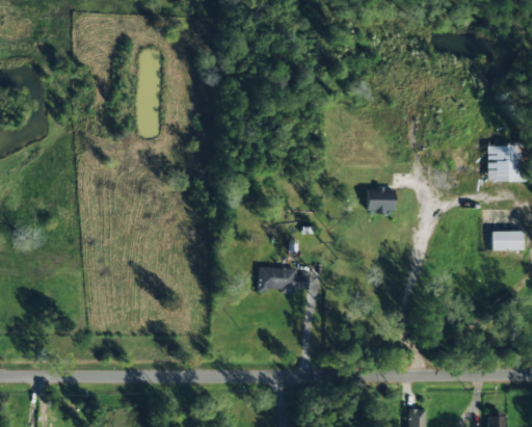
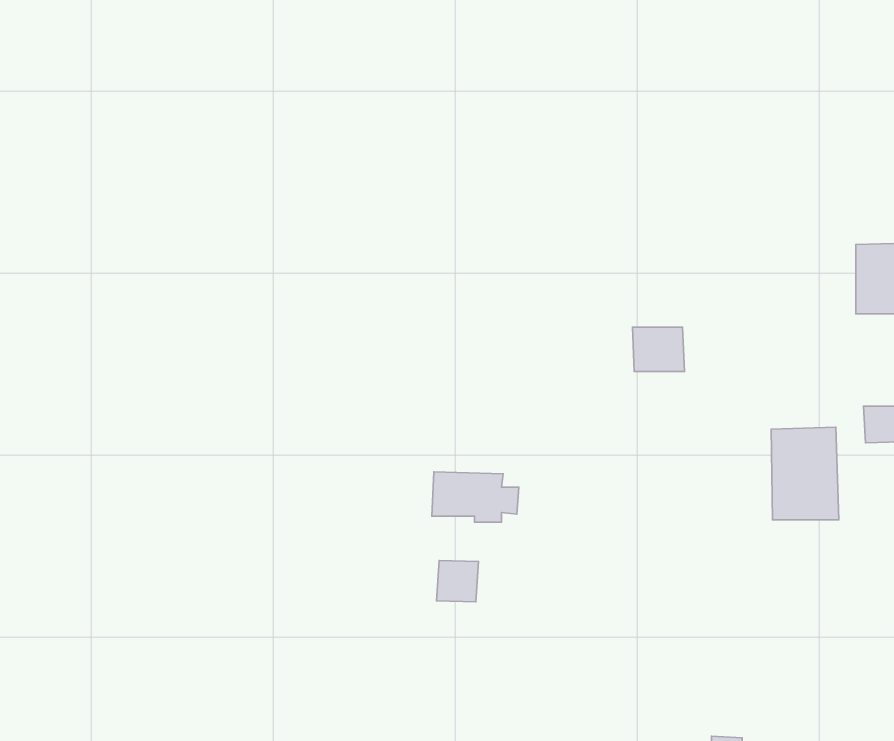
building: none -> [771,427,839,520]
building: none -> [436,560,478,602]

